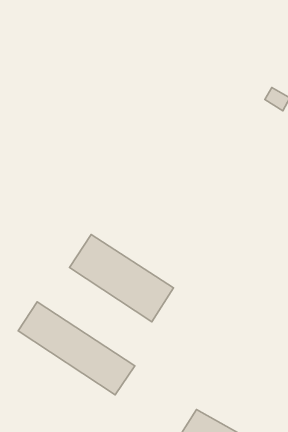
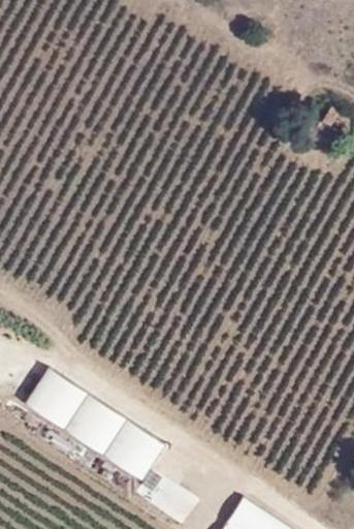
building: [69,235,173,322] -> none

